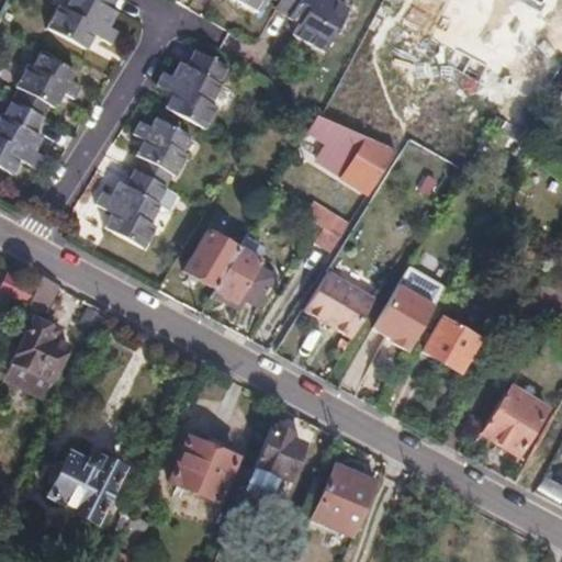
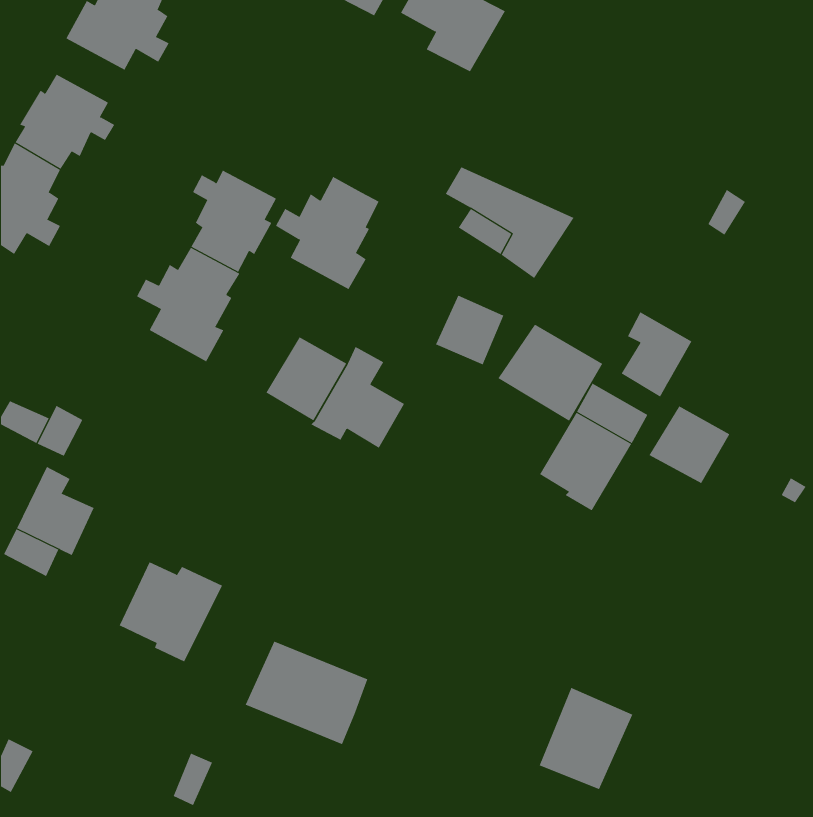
building: [157,48,228,126] -> [275,176,379,290]
building: none -> [621,311,692,397]
building: [303,270,375,337] -> [498,324,603,422]
building: [423,318,479,372] -> [649,405,730,484]
building: [482,385,547,456] -> none
building: [247,428,302,499] -> none
building: [49,452,121,521] -> [119,561,223,662]
building: [314,467,379,537] -> [539,687,633,790]

